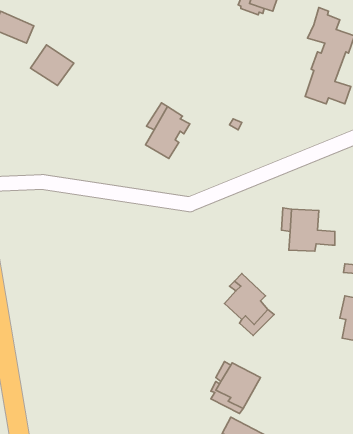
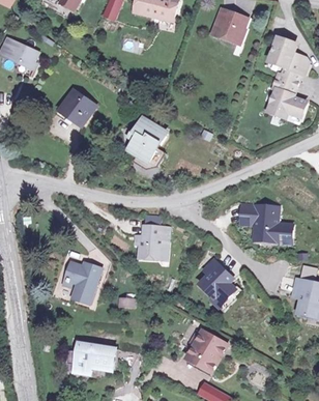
building: [30,45,74,86] -> [62,91,98,125]
building: none -> [139,223,168,256]
building: none -> [62,259,98,302]
building: none -> [78,345,119,380]

